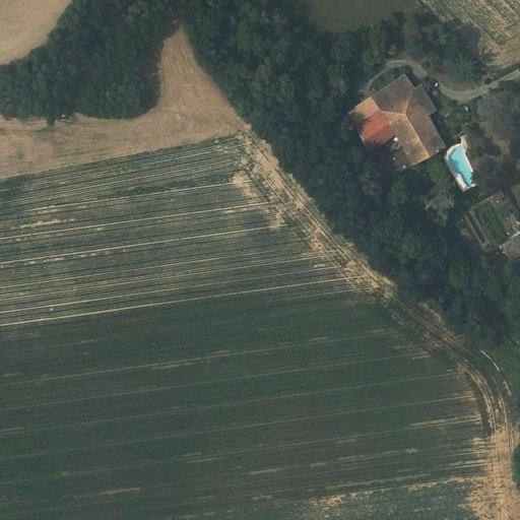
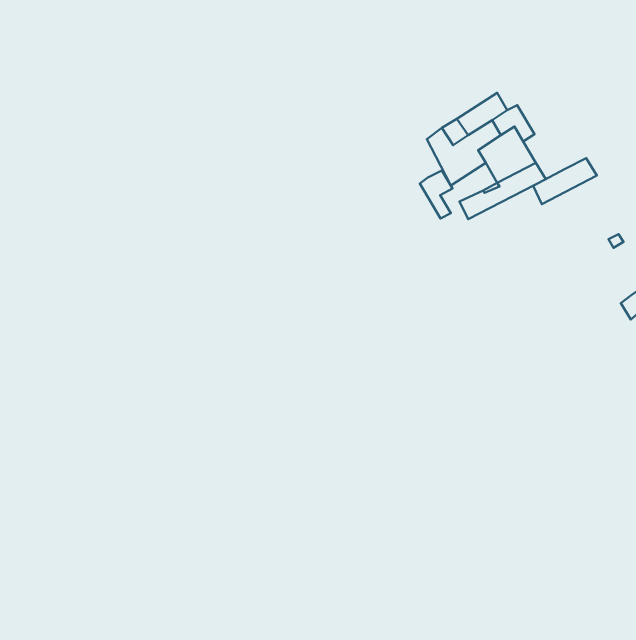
building: none -> [533,158,597,204]
building: none -> [420,170,453,219]

